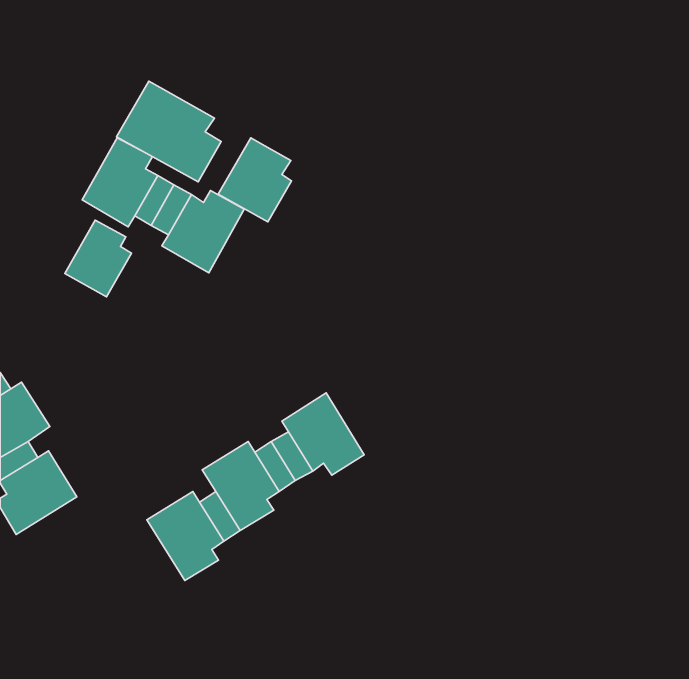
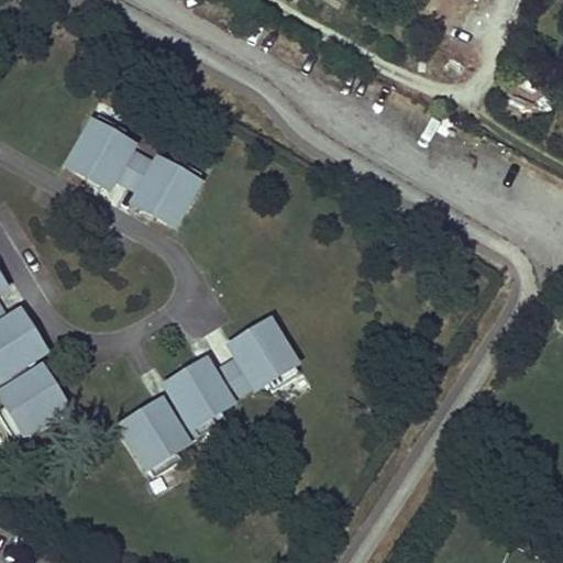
building: [117,81,221,182] -> none
building: [218,138,291,222] -> none
building: [65,220,131,297] -> none

